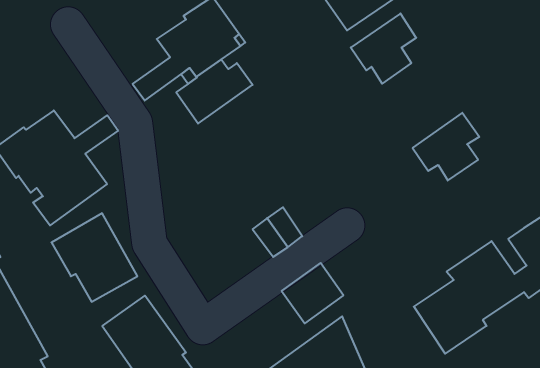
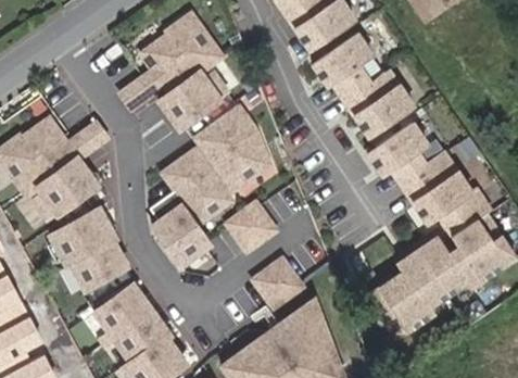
building: none -> [343,67,415,131]
building: none -> [194,108,266,186]
building: none -> [402,149,475,232]
building: none -> [149,150,230,264]

